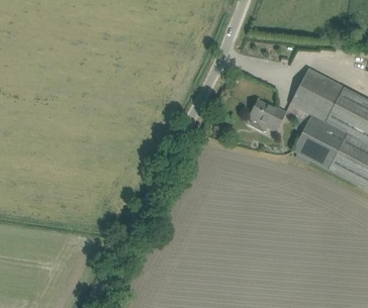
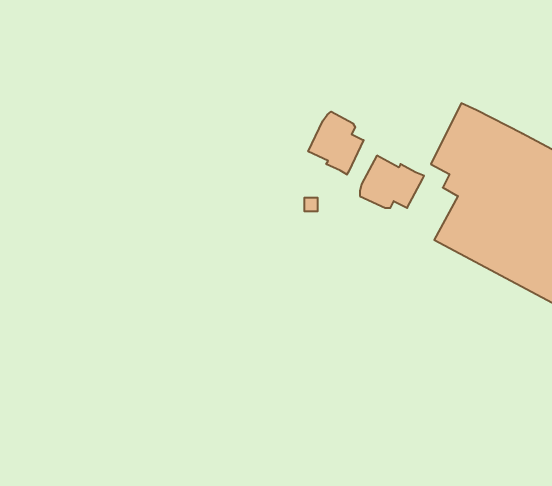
building: none -> [308,112,364,175]

